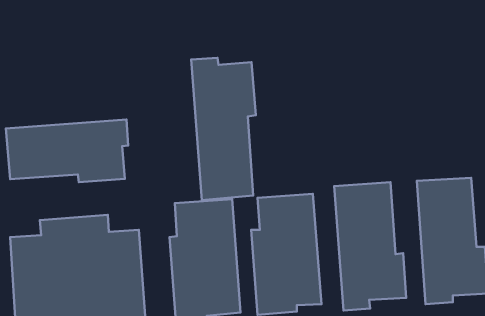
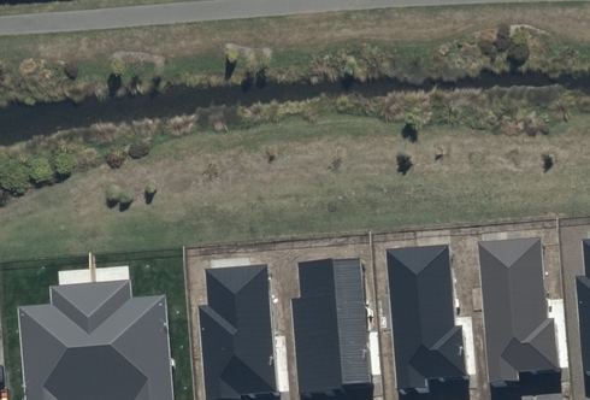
building: [191,58,256,200] -> none
building: [6,120,128,182] -> none

